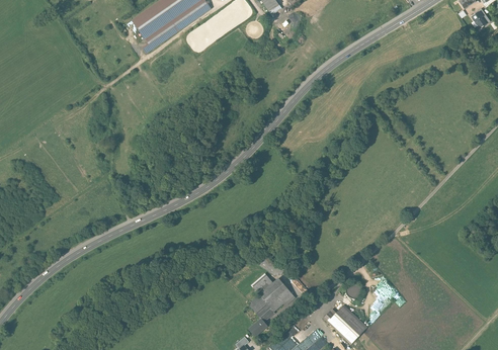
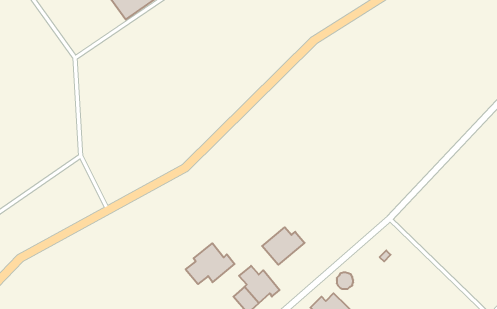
building: none -> [262,227,305,265]
building: none -> [186,243,235,284]

